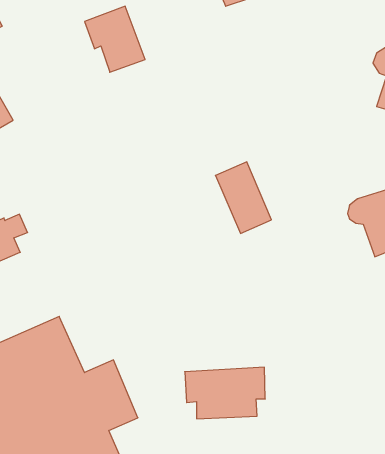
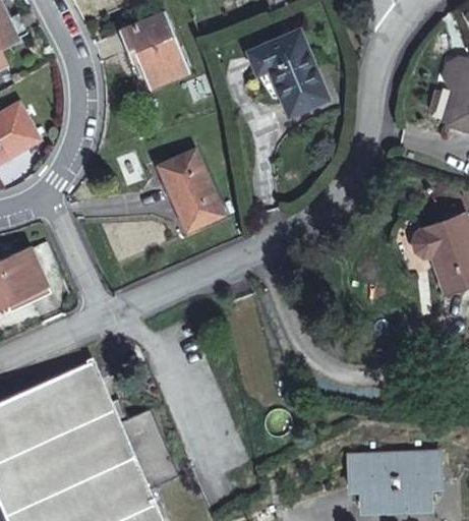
building: none -> [248,33,329,118]
building: [215,162,271,233] -> [159,152,222,232]
building: [185,367,265,419] -> [347,453,437,511]

